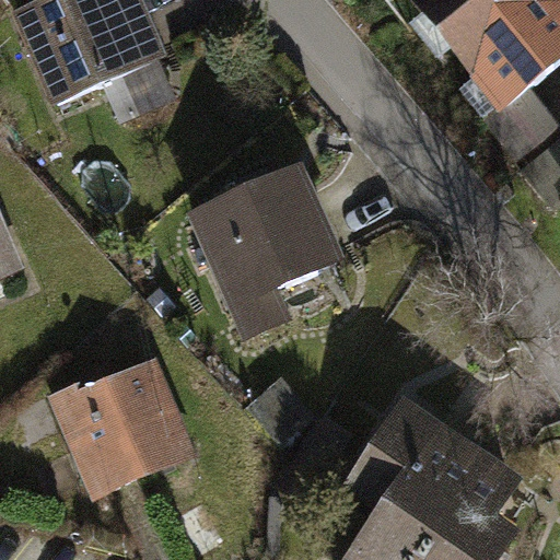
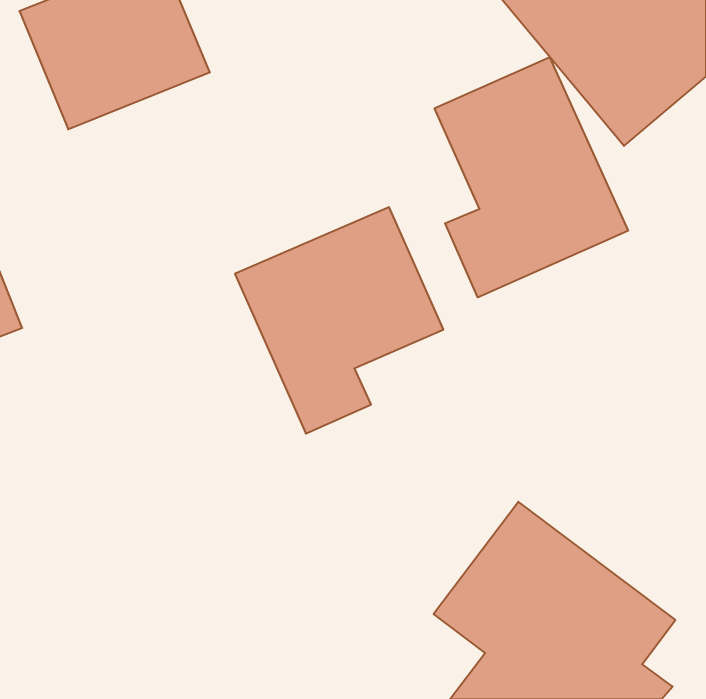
building: none -> [435,57,628,297]
building: [49,360,190,499] -> none

